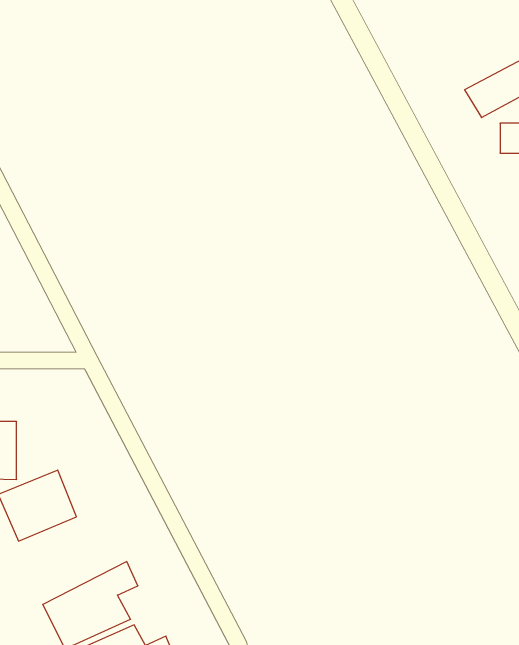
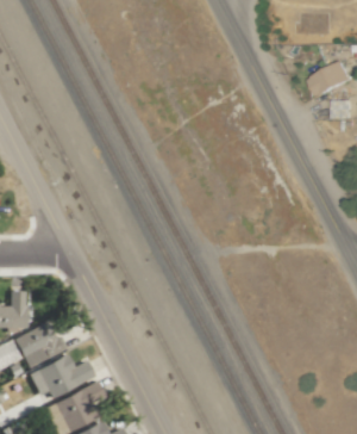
building: none -> [31,354,95,395]

